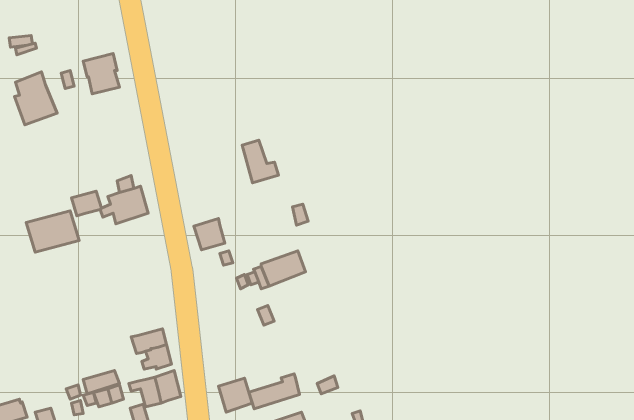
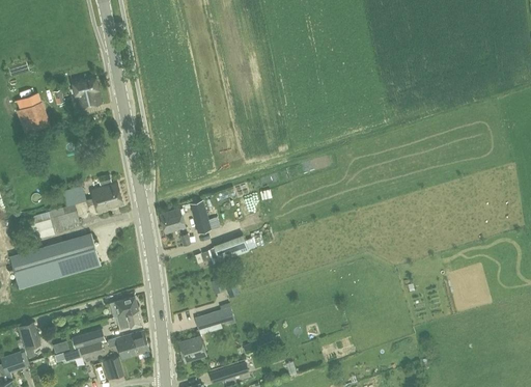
building: [242,140,278,183] -> [189,199,218,233]
building: none -> [9,232,100,286]
building: none -> [17,321,40,349]
building: [249,374,300,409] -> [193,302,233,330]

